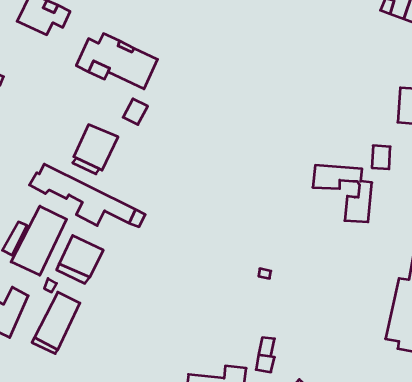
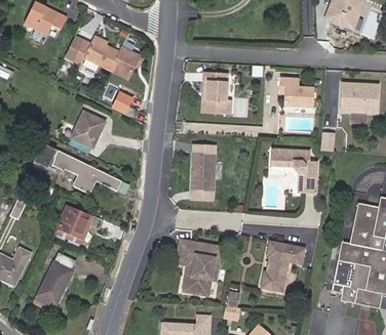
building: none -> [203,68,232,110]
building: none -> [280,75,315,108]
building: none -> [193,152,217,190]
building: [11,206,67,275] -> none
building: none -> [176,238,222,294]
building: none -> [260,240,305,291]

